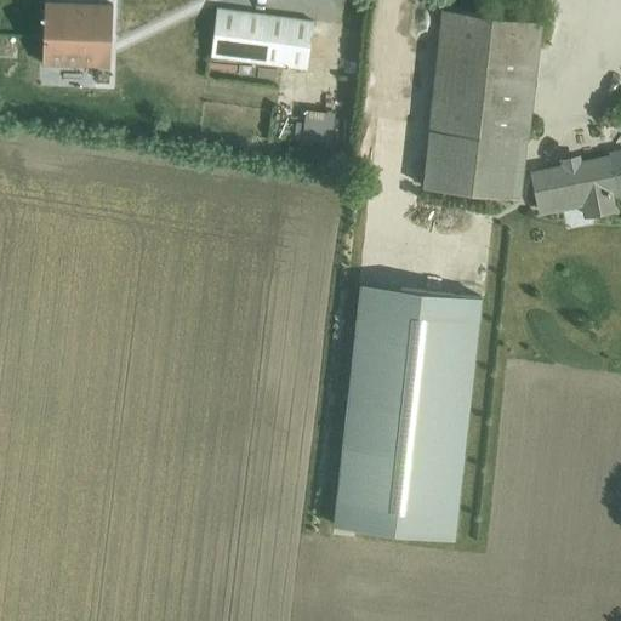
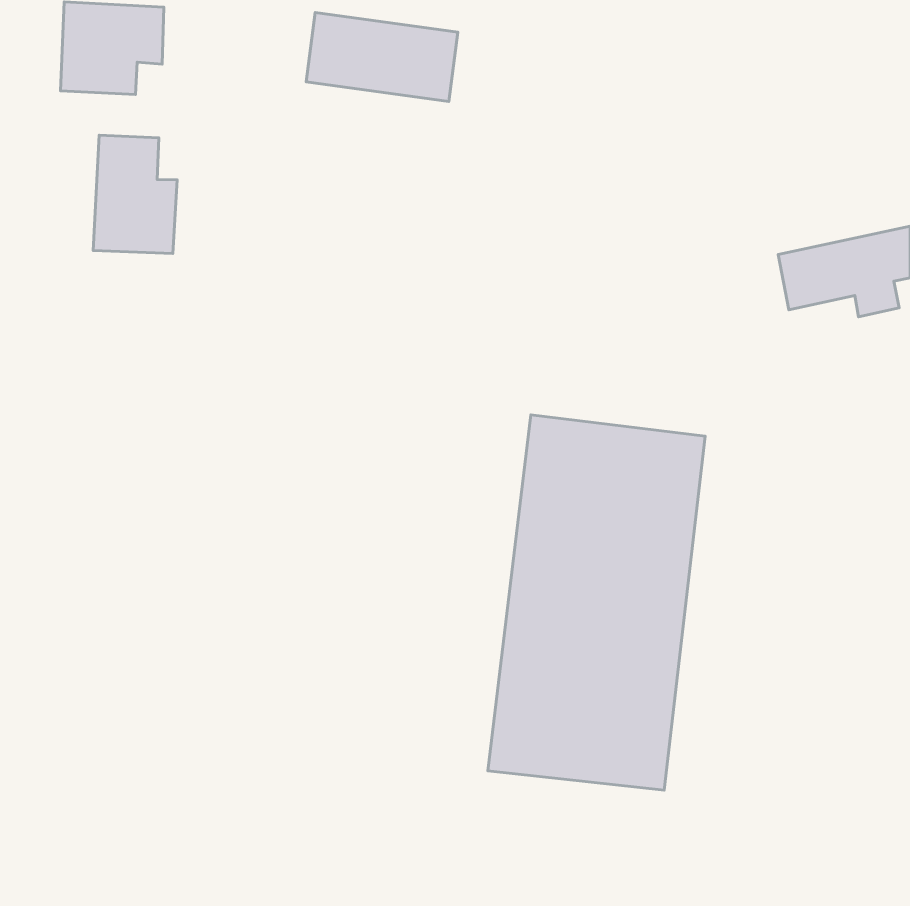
building: [423,13,541,203] -> none
building: none -> [93,135,177,253]

